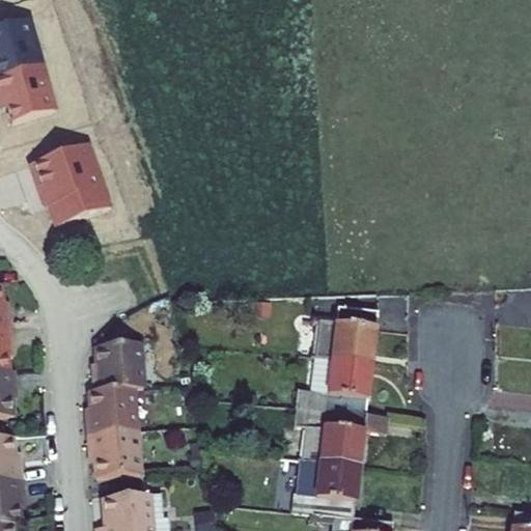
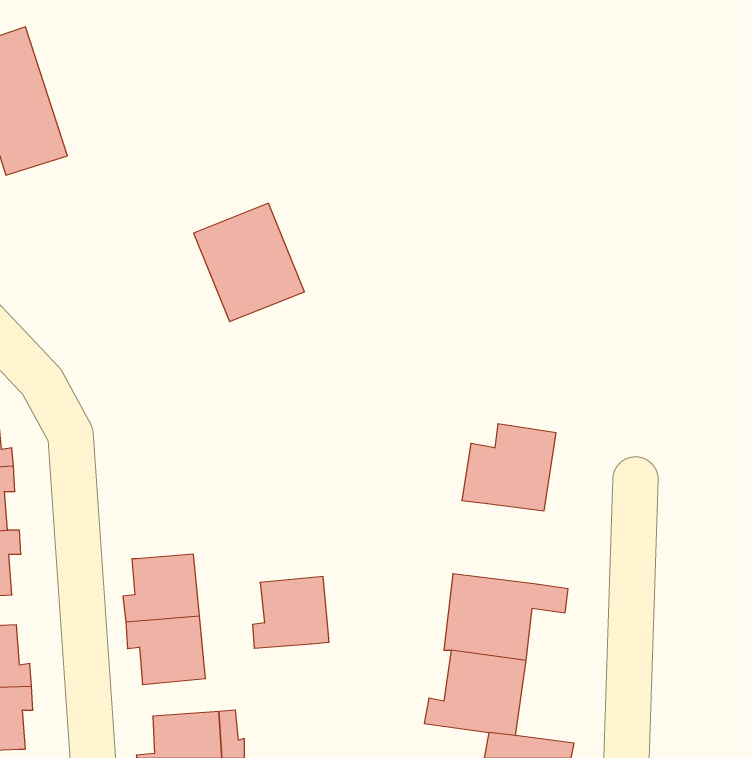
building: [24,144,101,226] -> [194,203,304,322]
building: [93,337,146,387] -> [253,576,329,648]
building: [310,346,376,404] -> none

